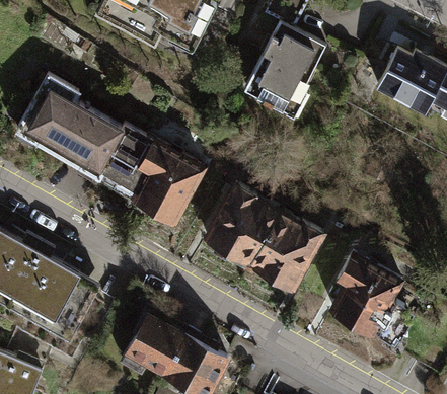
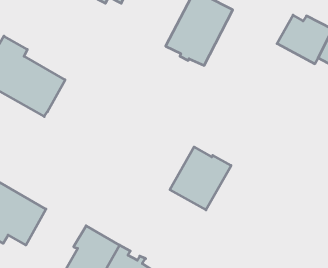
building: [101,126,204,219] -> none
building: [206,183,279,262] -> none
building: [331,252,411,344] -> none

